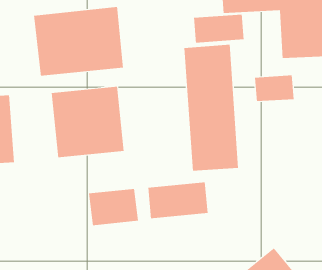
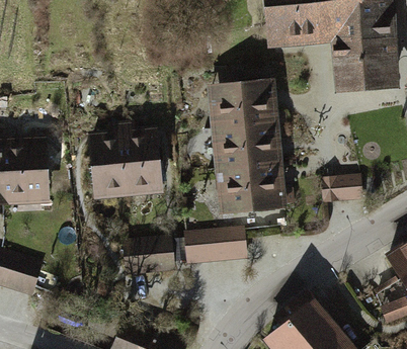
building: [34,6,124,76] -> none
building: [193,14,244,43] -> none
building: [254,75,294,102] -> [323,171,365,199]

